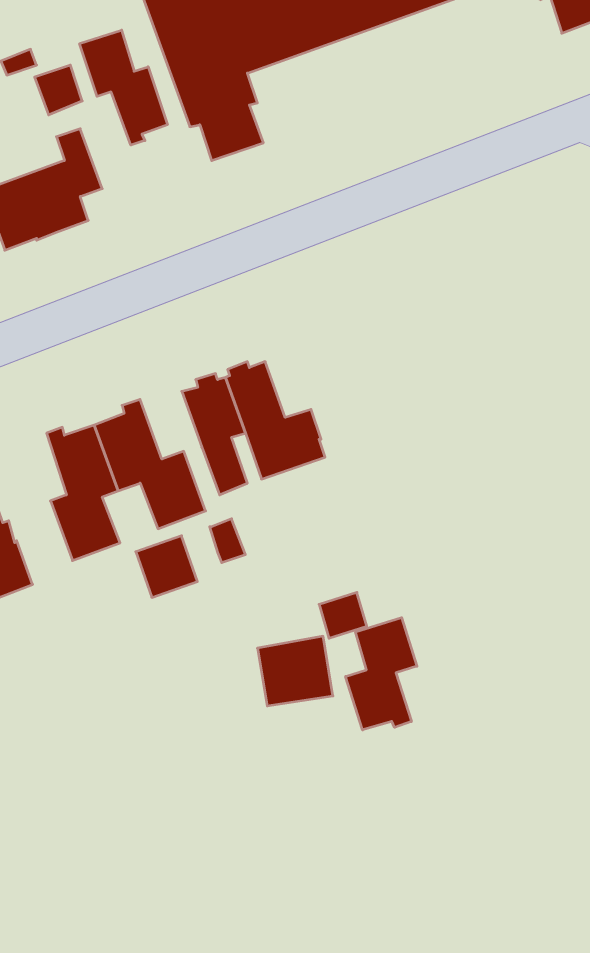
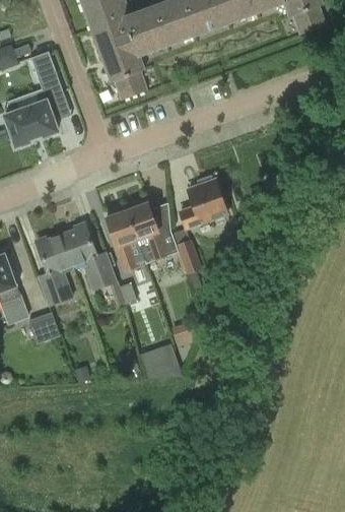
building: [80,30,167,145] -> none
building: none -> [180,177,225,228]
building: none -> [175,236,202,273]
building: [136,536,197,597] -> [28,310,60,341]
building: [346,618,417,730] -> none

